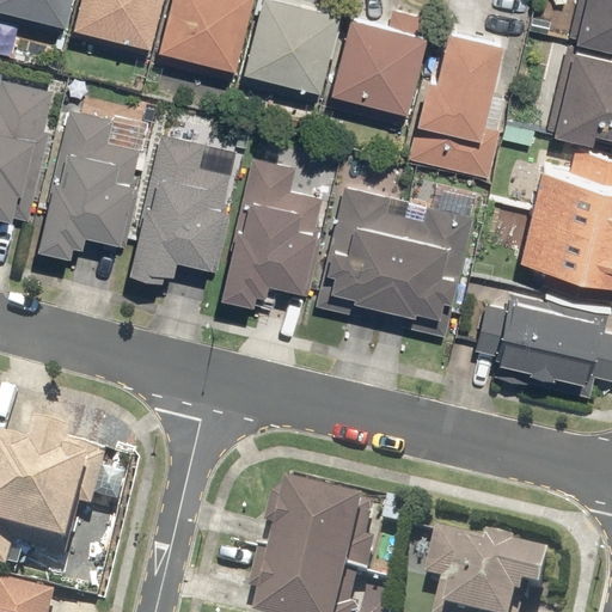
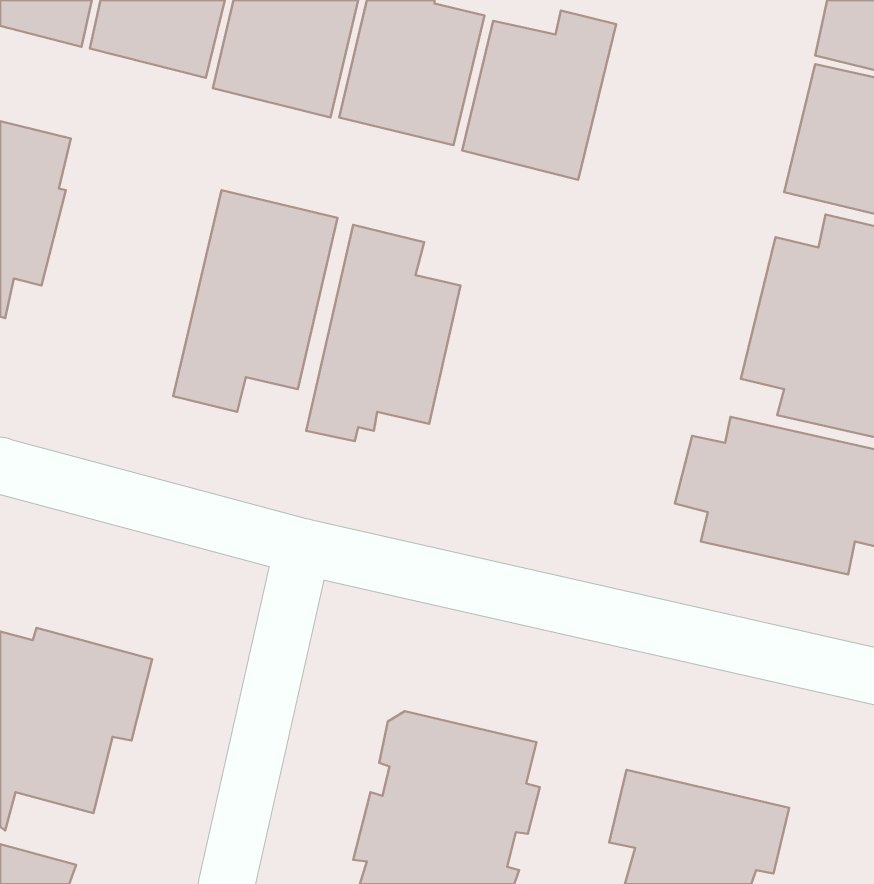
building: [406,27,512,179] -> none
building: [36,108,145,256] -> none
building: [316,184,477,336] -> none

